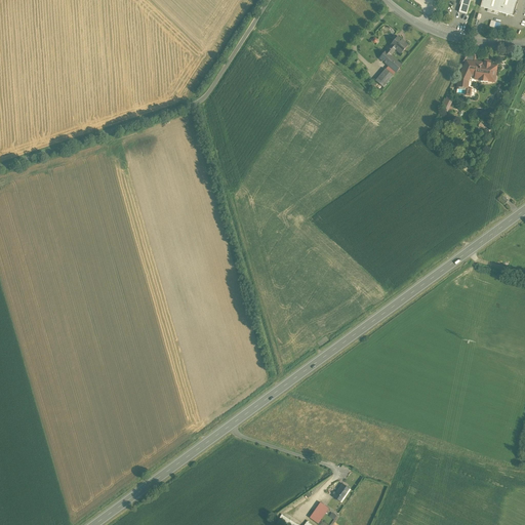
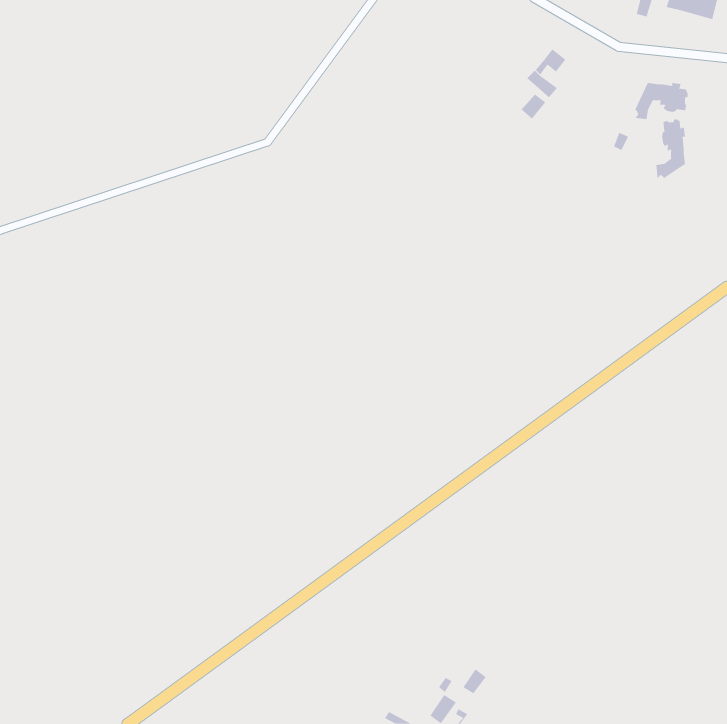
building: none -> [656,118,685,179]

